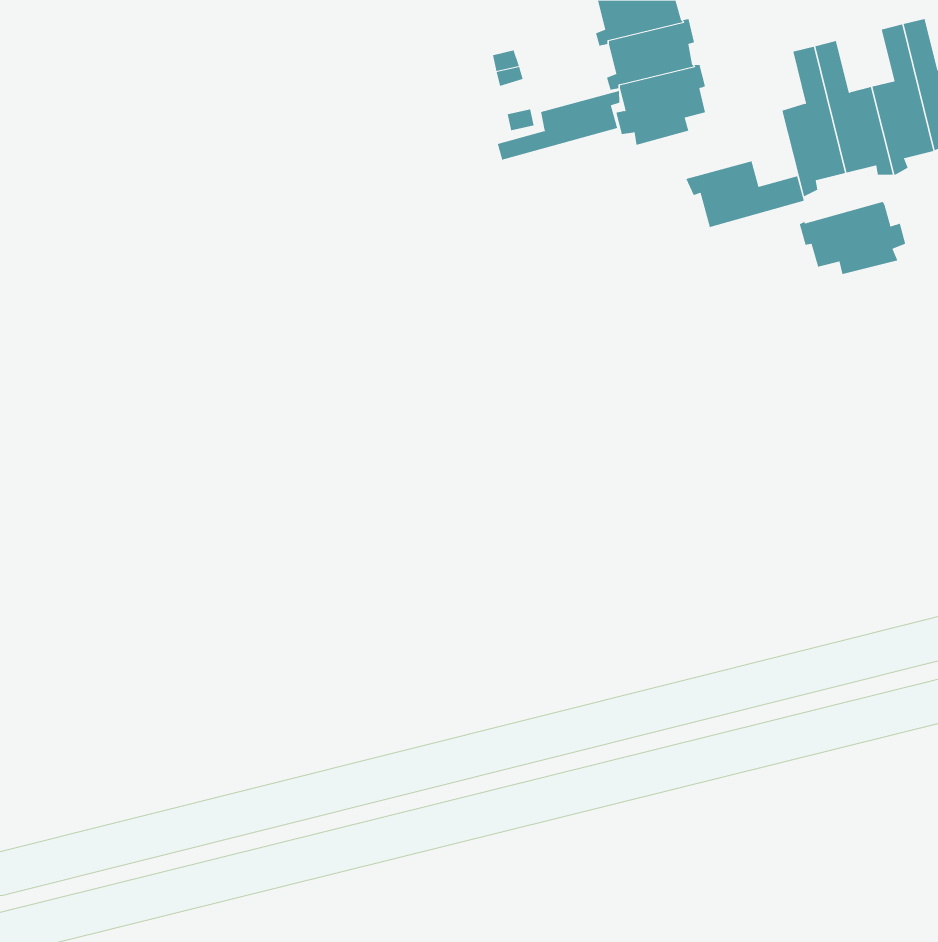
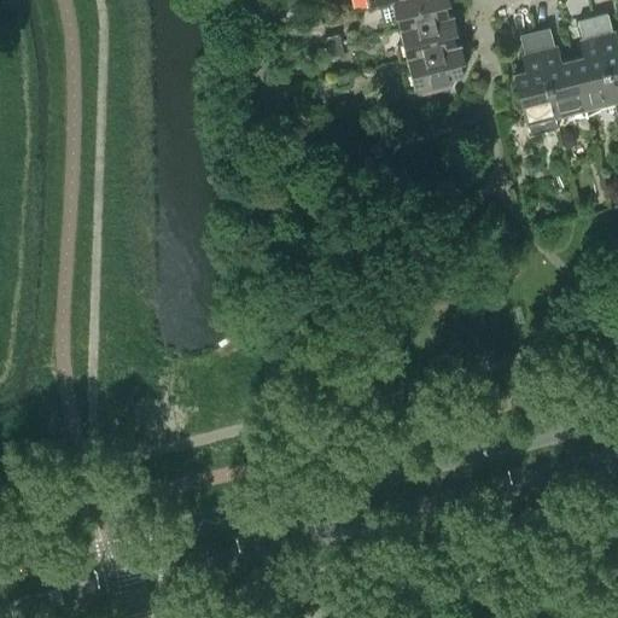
building: [497,90,620,160] -> none
building: [685,160,805,228] -> none
building: [799,201,906,275] -> none

